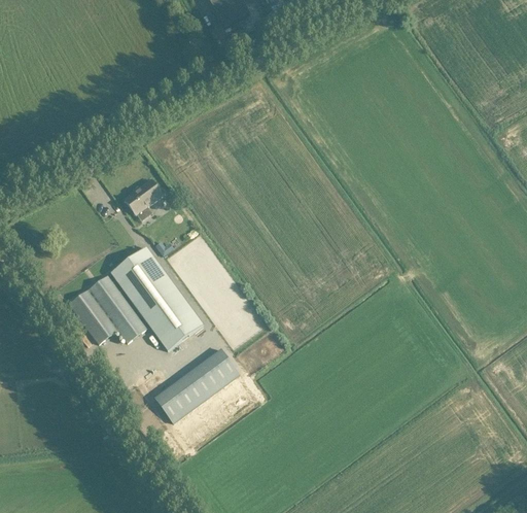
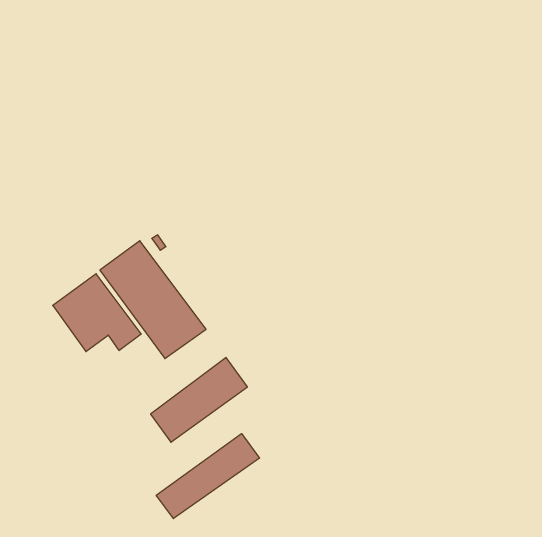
building: [124,179,162,214] -> none
building: none -> [156,434,260,519]

